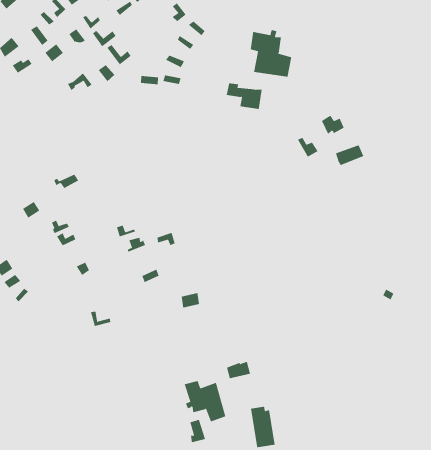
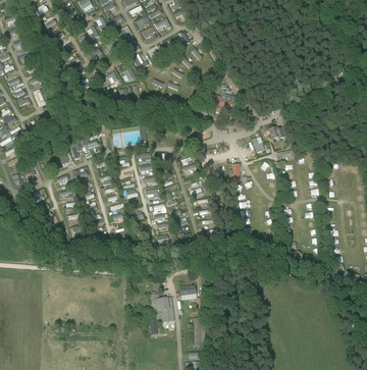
building: [250,29,292,77] -> none

